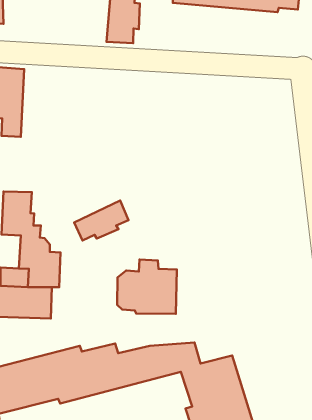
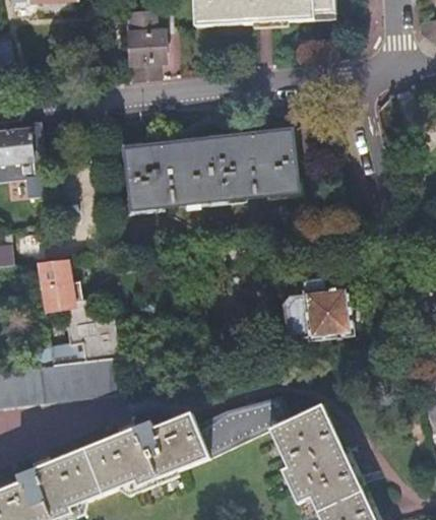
building: none -> [125,129,298,209]
building: [74,200,129,240] -> none
building: [117,259,177,314] -> [279,280,350,342]

